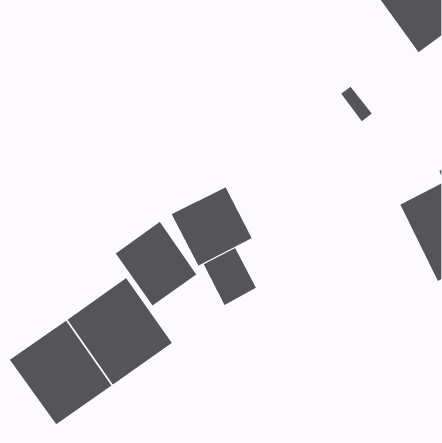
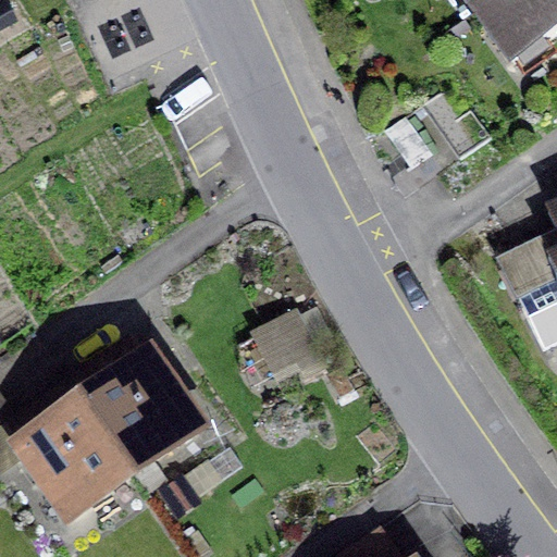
building: [171,186,252,266] -> none
building: [115,221,197,306] -> none

